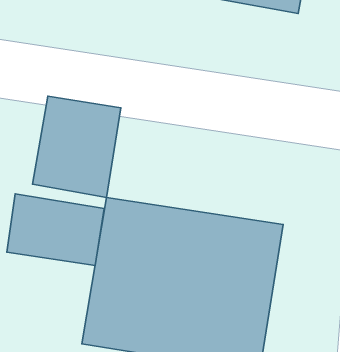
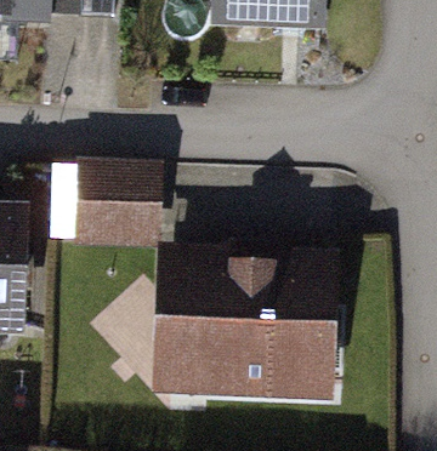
building: [7,194,104,265] -> none

